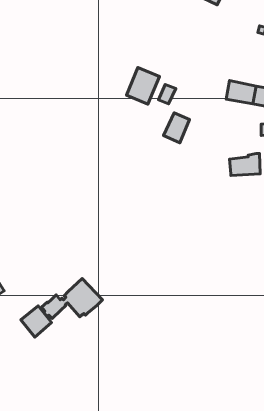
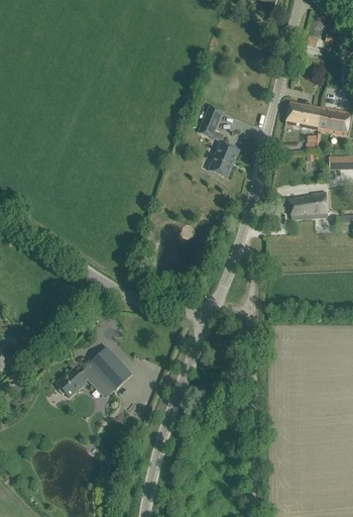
building: [126,68,160,104] -> none
building: [21,306,52,337] -> none

